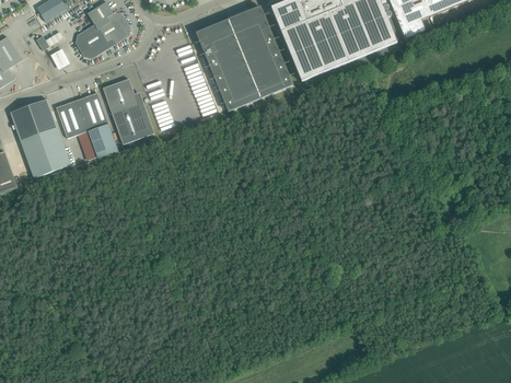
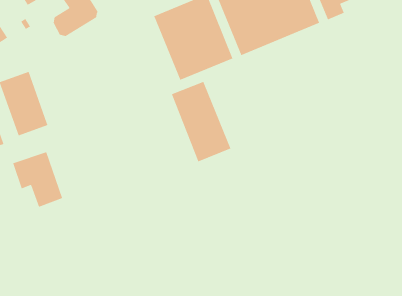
building: [102,78,153,143] -> none
building: [56,92,117,160] -> [12,151,63,208]
building: none -> [171,81,232,163]

